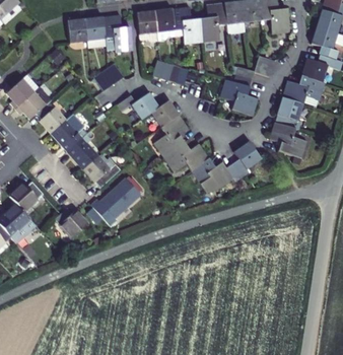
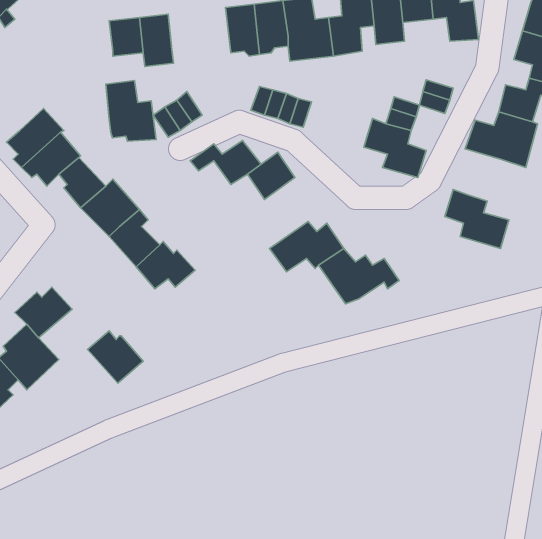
building: [102,14,133,51] -> [106,81,156,141]
building: [277,97,302,130] -> none
building: [153,115,188,157] -> none
building: [232,141,260,176] -> none
building: [91,178,141,219] -> none

